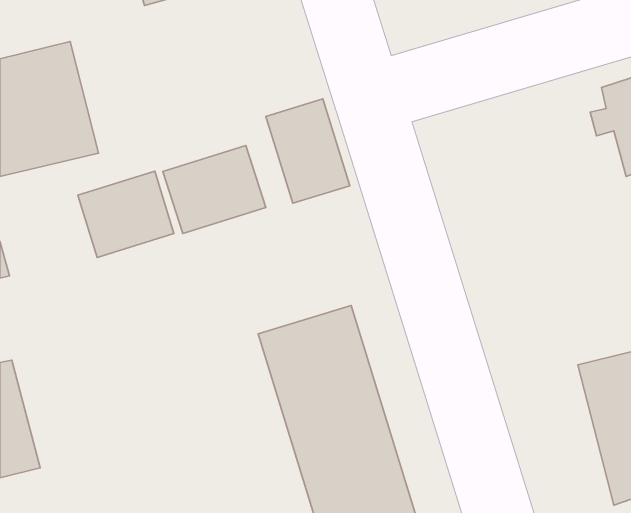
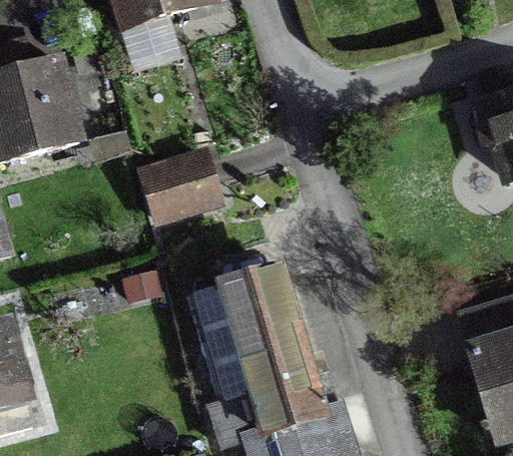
building: [266,99,350,203] -> none
building: [78,171,174,258] -> none

